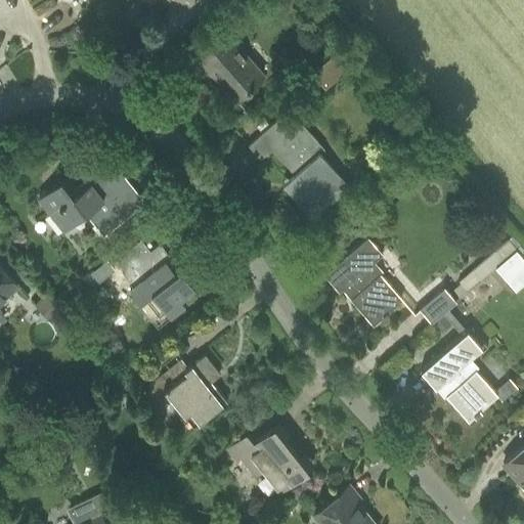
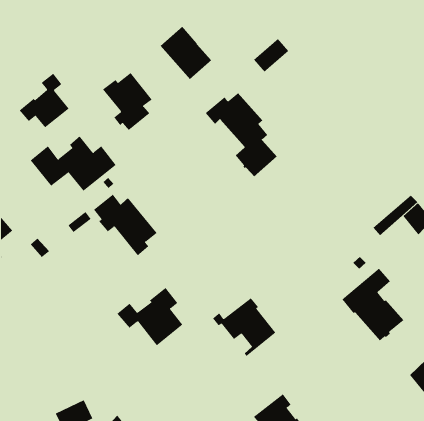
building: none -> [102,72,152,131]
building: none -> [19,73,70,128]
building: [324,241,403,329] -> none
building: [420,292,457,328] -> none
building: [229,429,308,501] -> [212,298,276,357]

